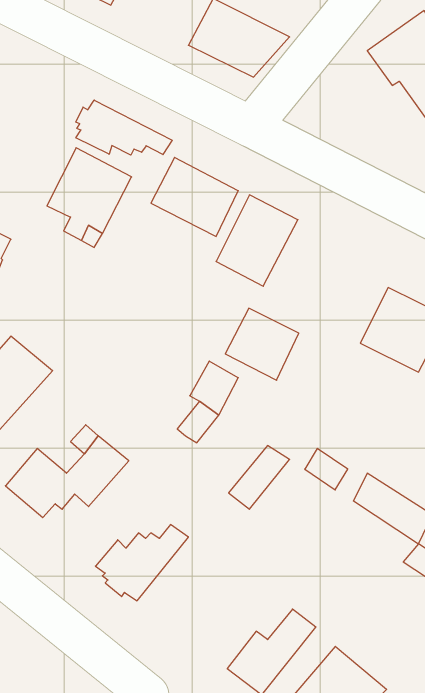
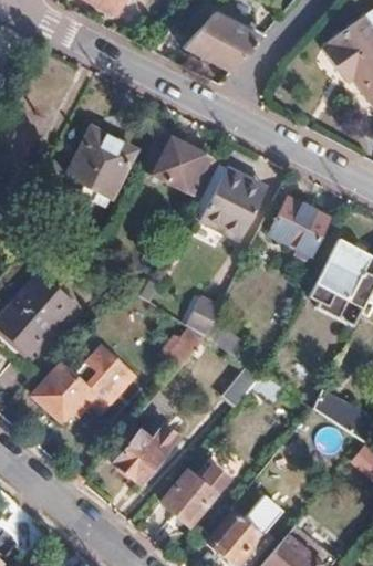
building: [76,100,172,155] -> none
building: [225,308,299,380] -> [270,196,329,253]
building: none -> [163,464,227,523]

